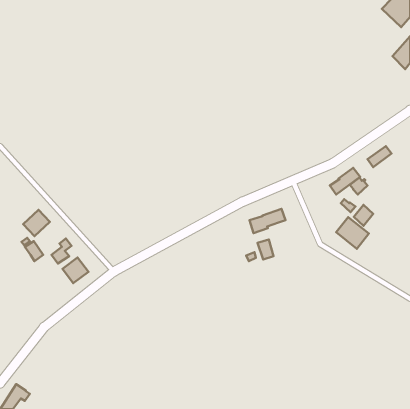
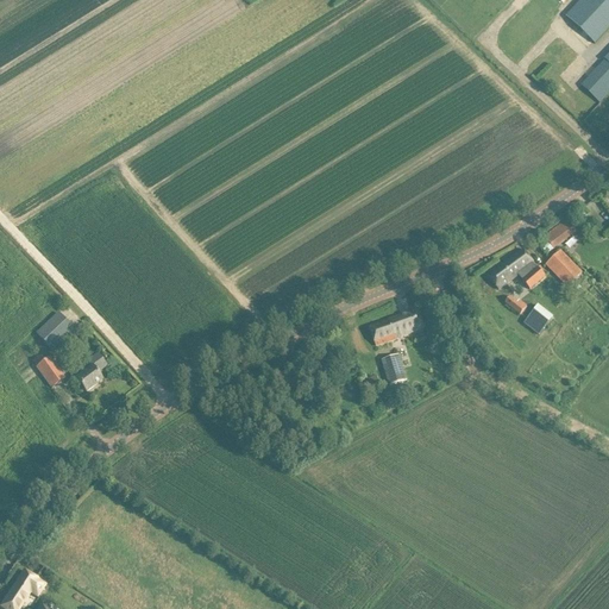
building: none -> [546,250,582,285]
building: [336,217,369,249] -> none
building: [63,258,88,283] -> none

